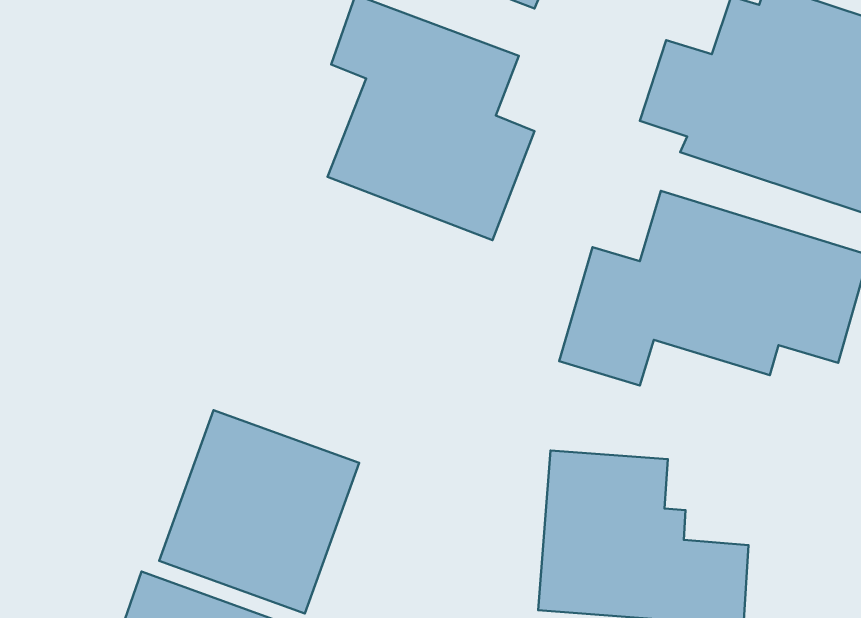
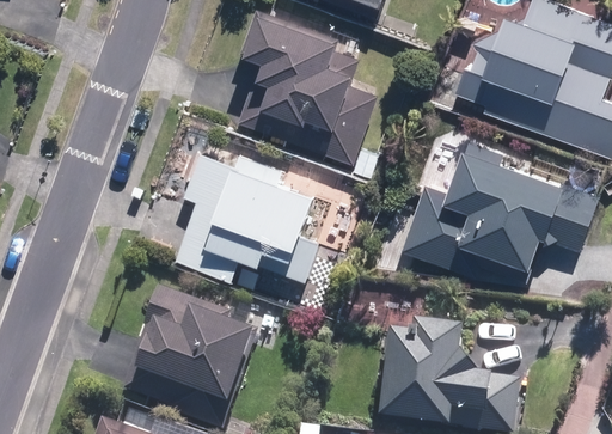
building: none -> [175,151,320,282]

